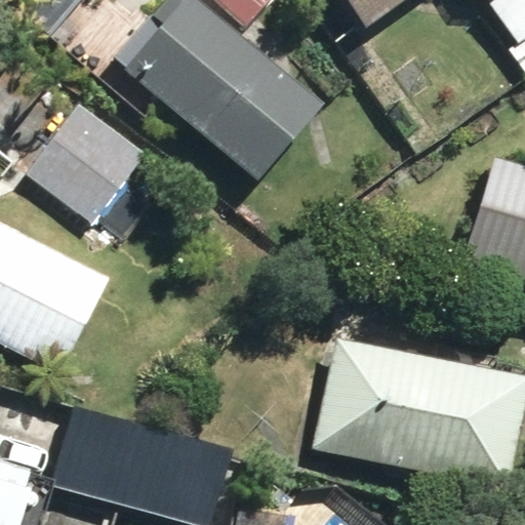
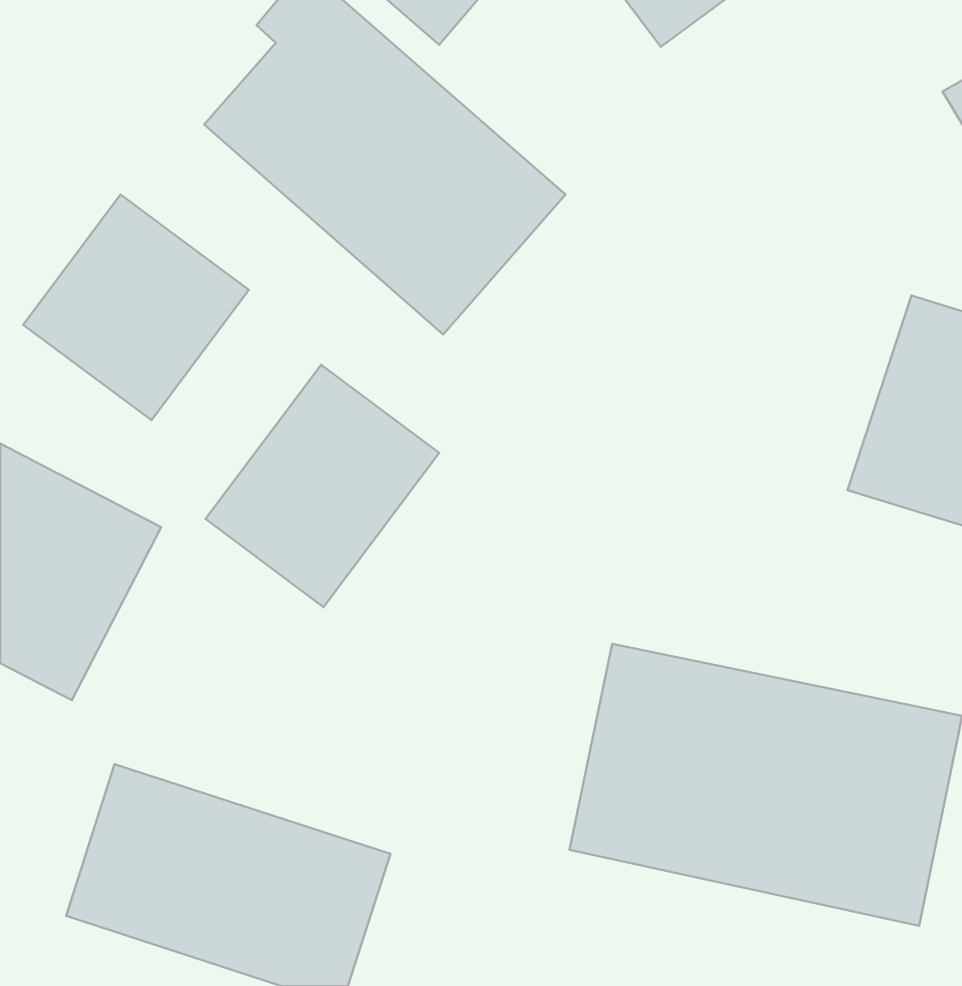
building: none -> [206,365,439,607]

